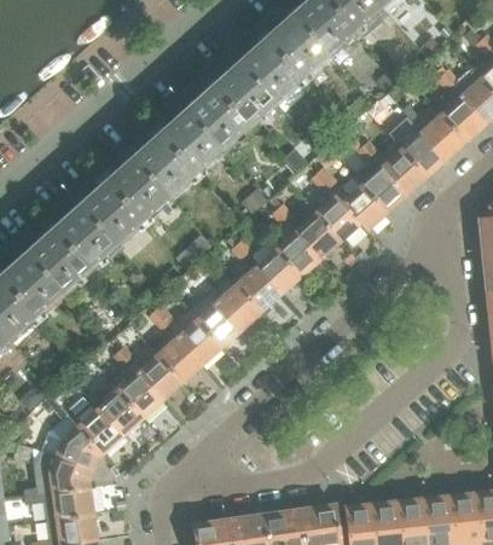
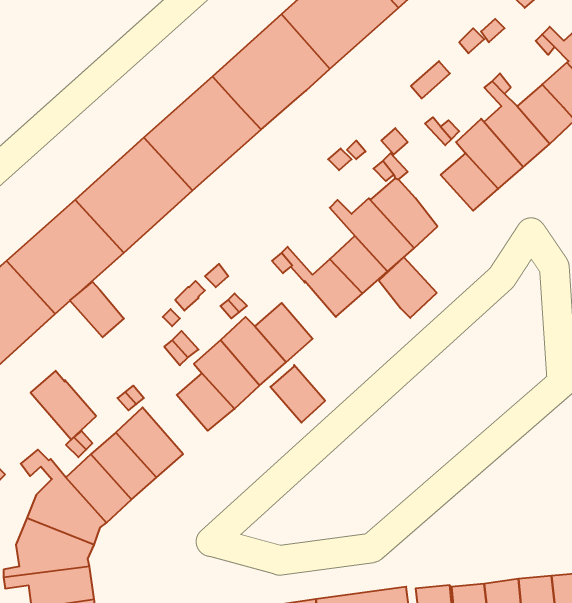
building: [343,184,388,231] -> [379,257,437,318]
building: [239,266,282,311] -> [270,365,325,423]
building: none -> [70,282,124,337]
building: [132,347,182,400] -> [31,371,96,439]

